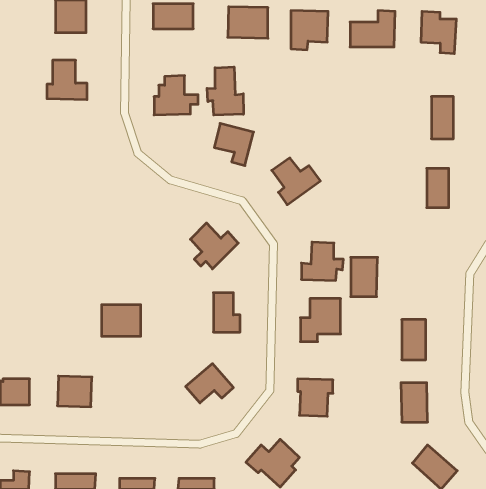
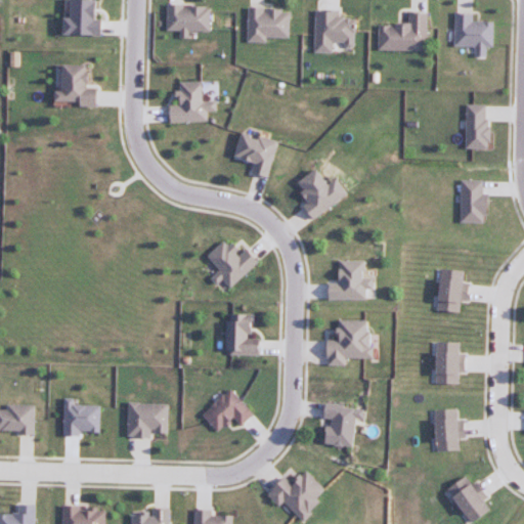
building: [207,67,243,115] -> none
building: [351,257,378,297] -> [436,269,465,311]
building: [102,305,141,336] -> [127,403,169,437]

